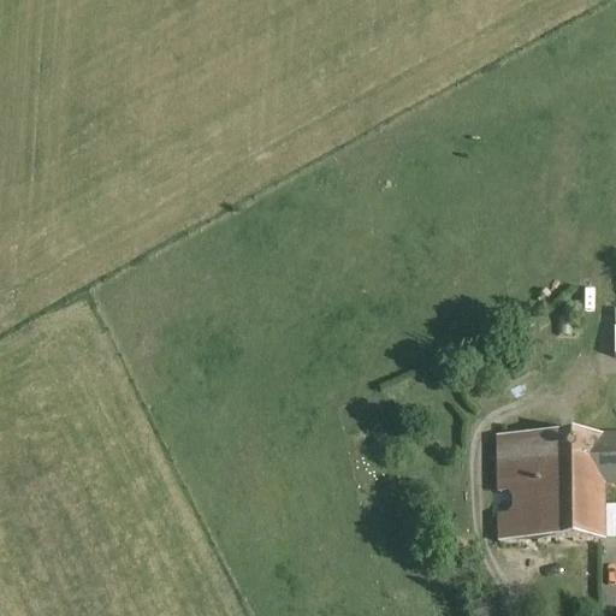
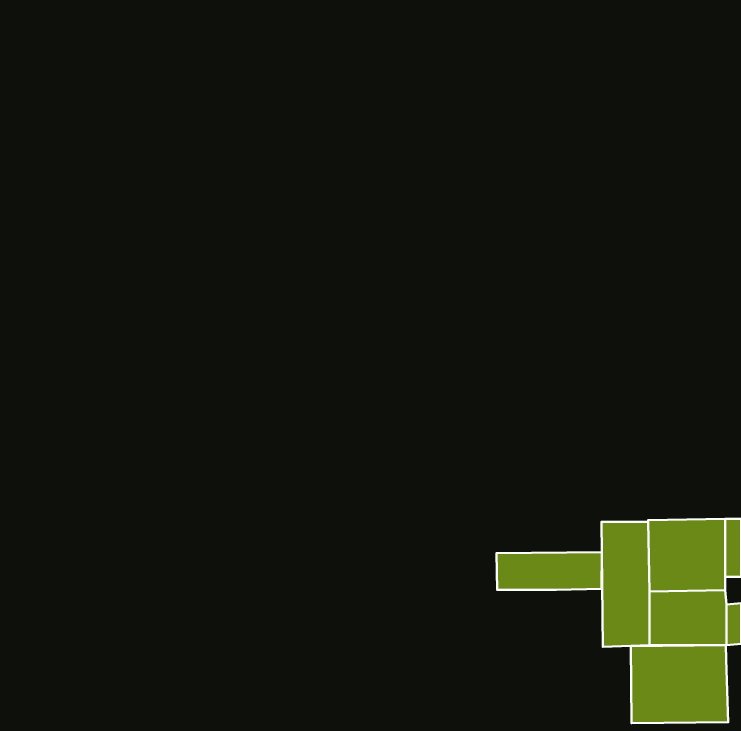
building: none -> [496,552,602,590]
building: none -> [631,645,728,723]

